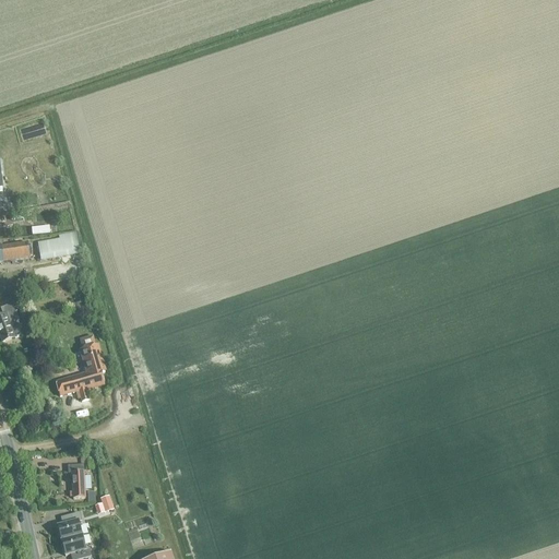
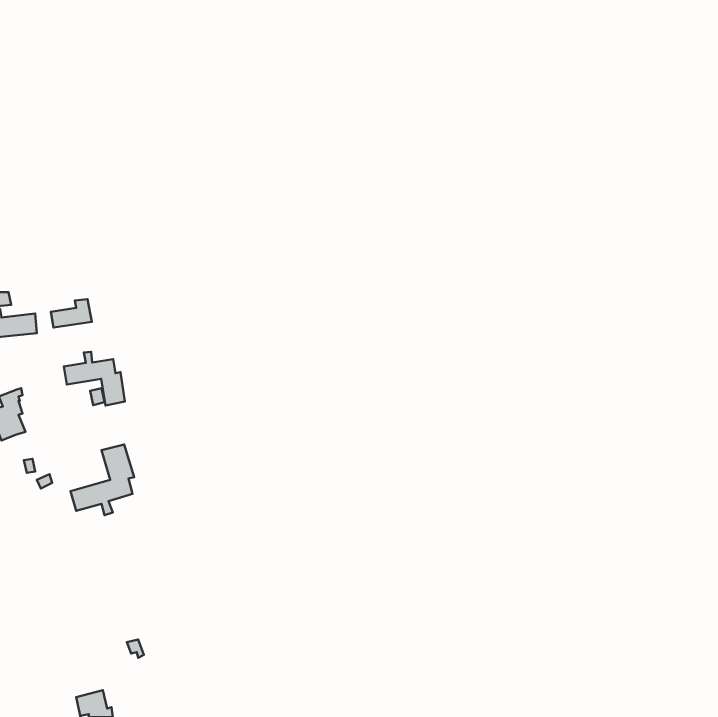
building: none -> [64,352,125,406]
building: [66,464,83,497] -> none
building: [55,512,80,539] -> none

